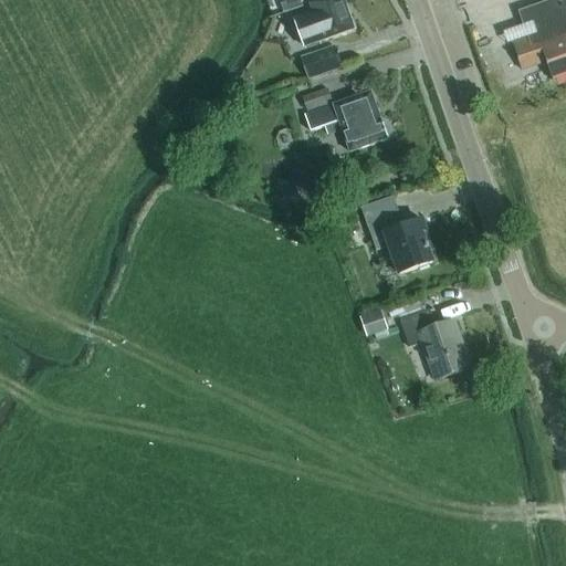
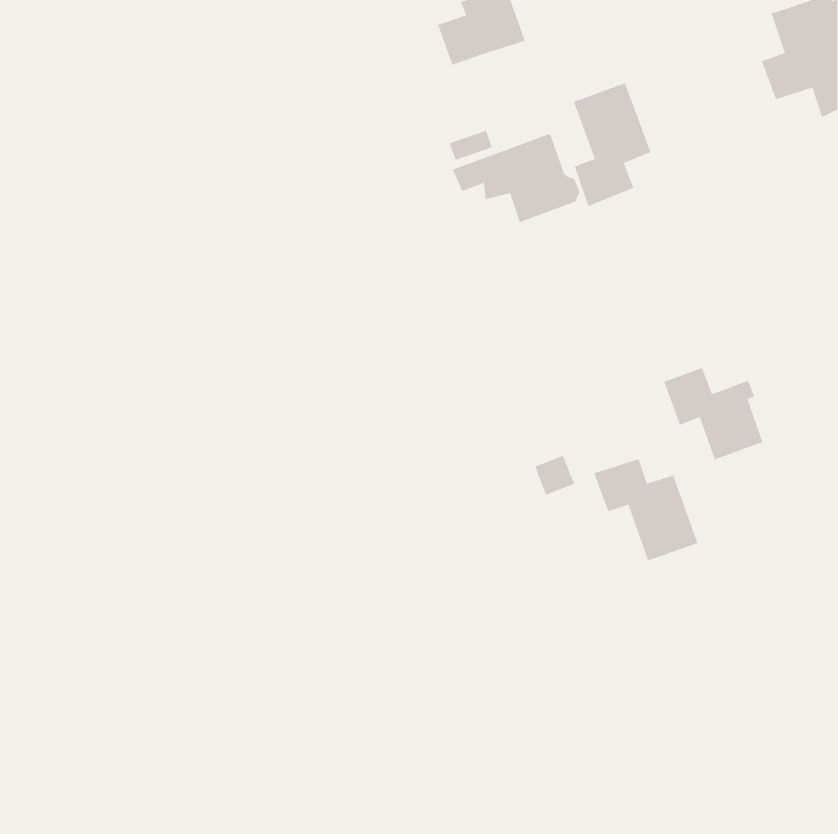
building: [301,42,342,75] -> none
building: none -> [573,82,651,207]
building: [365,209,432,272] -> [663,367,763,460]

